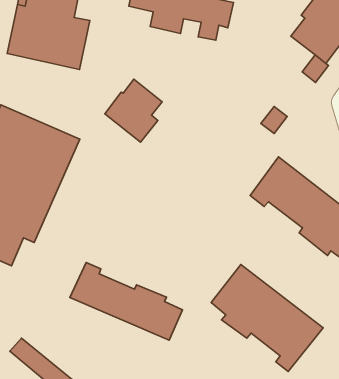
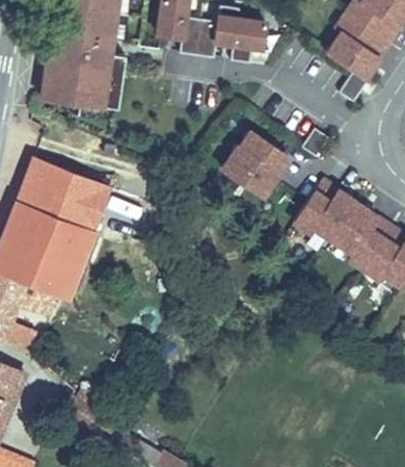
building: [105,79,162,142] -> [224,134,284,200]
building: [70,263,183,340] -> none
building: [211,265,323,371] -> none

